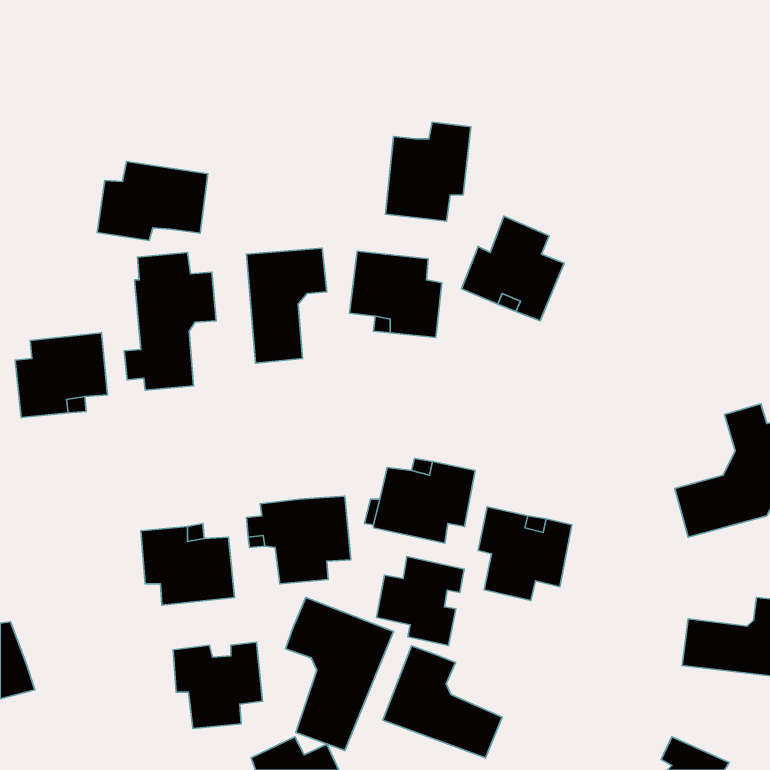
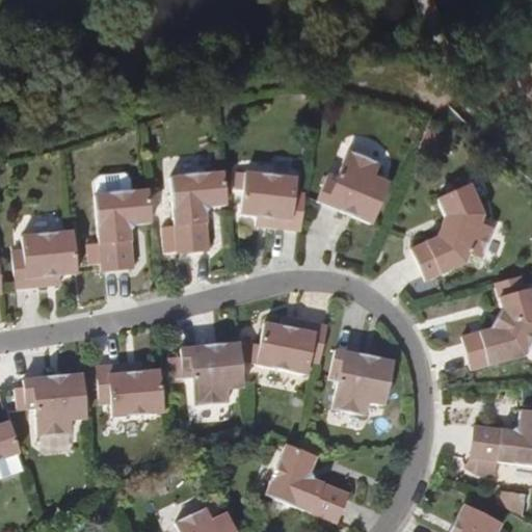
building: [386,122,471,221] -> none
building: [97,162,208,241] -> none
building: none -> [415,181,495,278]
building: [377,556,464,646] -> none
building: [286,598,393,751] -> none
building: [173,642,262,728] -> [25,378,86,437]

